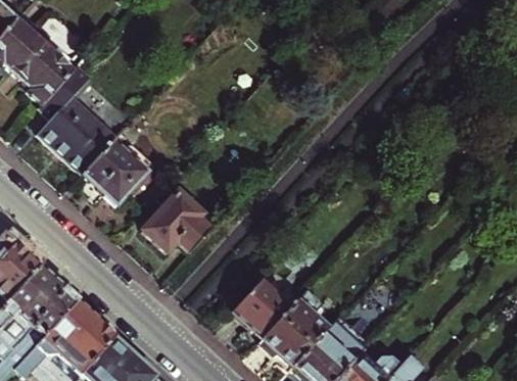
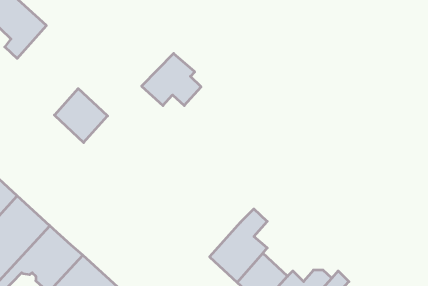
building: [39,65,113,173] -> none
building: [143,190,212,250] -> [142,53,201,106]
building: [233,269,298,336] -> none

